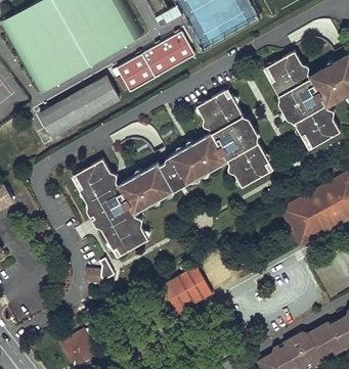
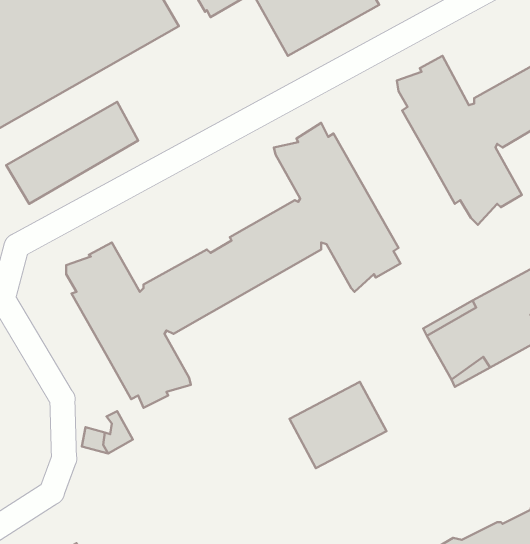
building: [114,34,192,94] -> none
building: [155,268,211,318] -> [290,382,386,468]

